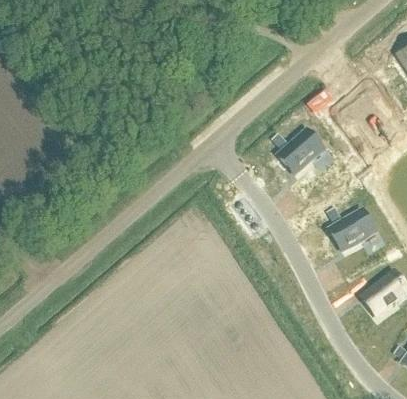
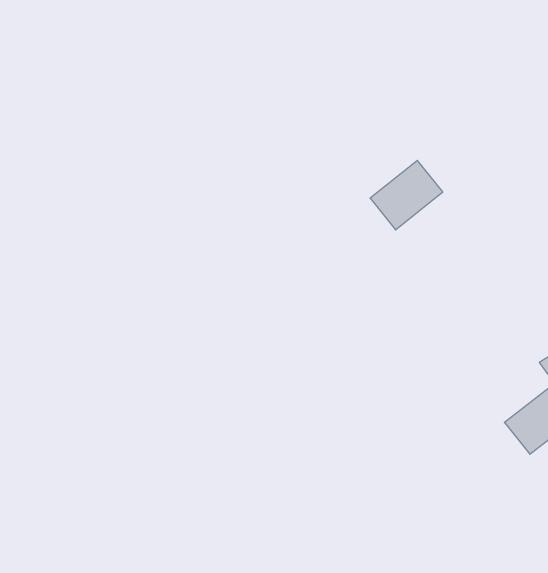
building: [328,208,374,250] -> none

